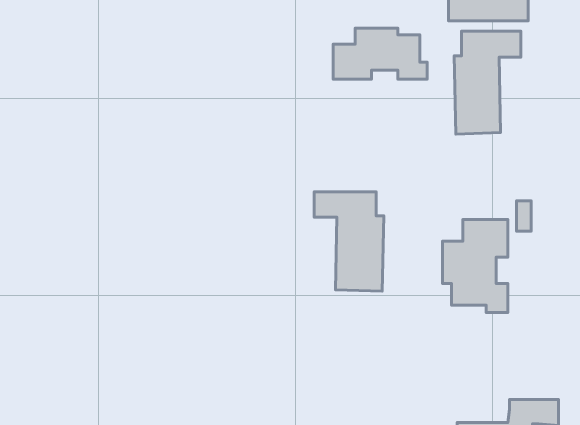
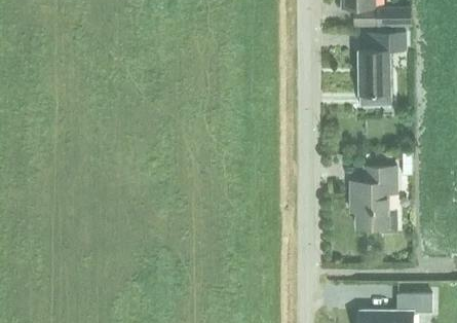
building: [333,28,427,79] -> none
building: [314,192,384,291] -> none

